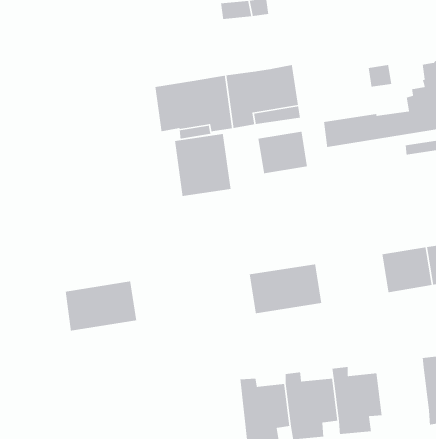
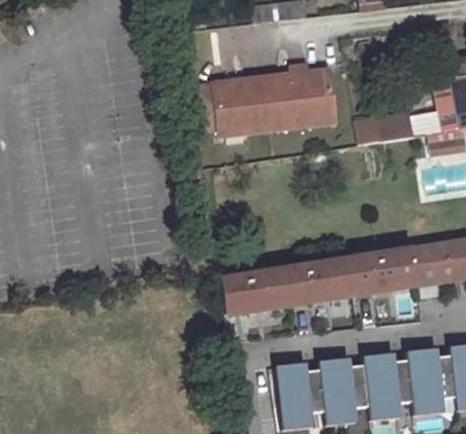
building: [258,131,308,174] -> none
building: [174,133,231,197] -> none
building: none -> [350,246,418,294]
building: [65,281,137,331] -> [223,265,292,314]
building: none -> [407,348,457,414]

